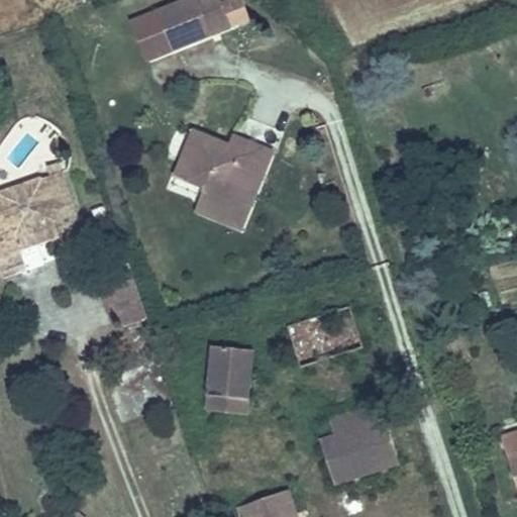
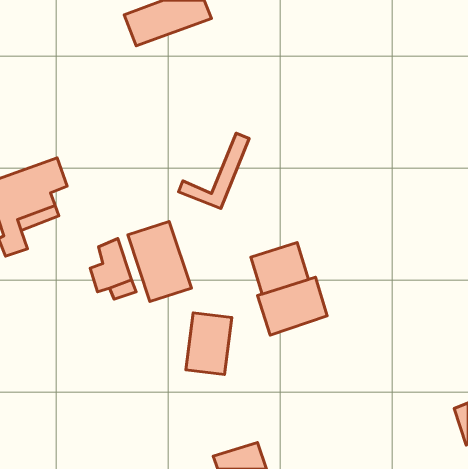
building: [178,131,260,213] -> none
building: none -> [128,222,191,301]
building: none -> [251,243,308,294]
building: [313,407,395,483] -> none

